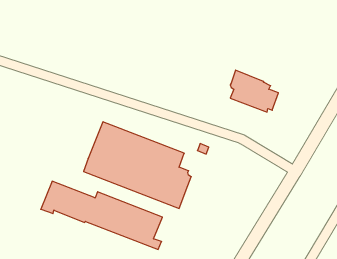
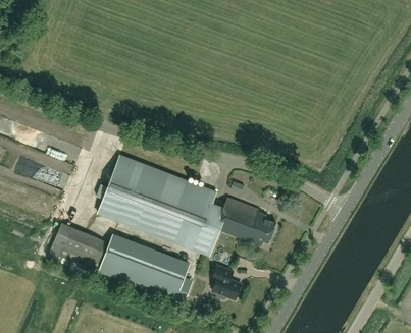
building: [230,70,278,112] -> [219,197,275,245]
building: none -> [212,264,241,299]

